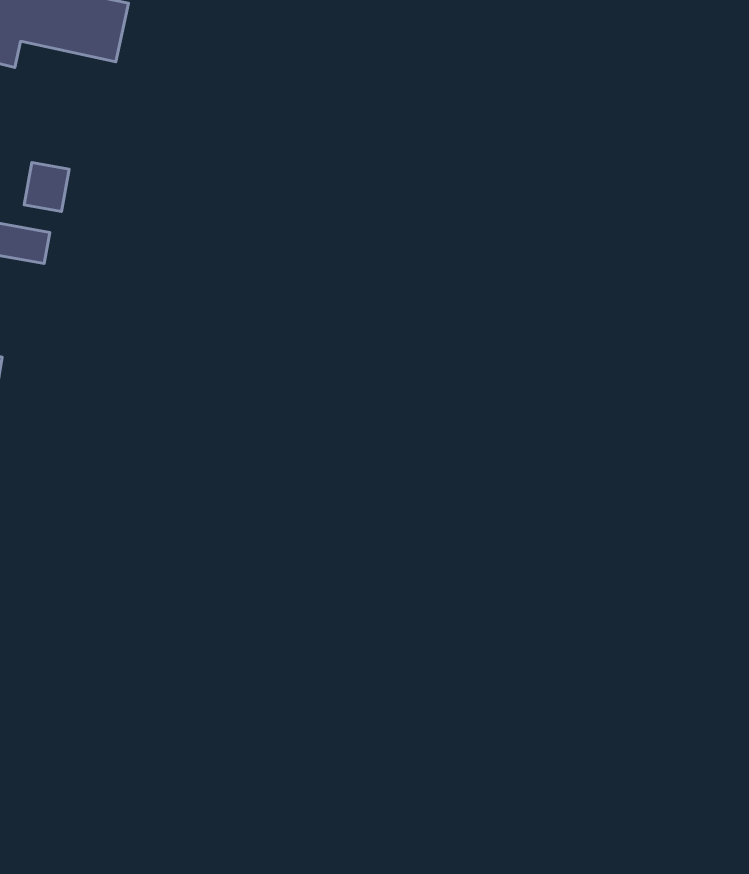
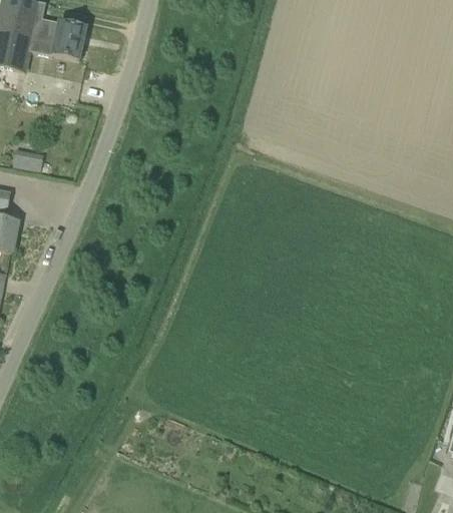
building: [24,163,69,212] -> none

